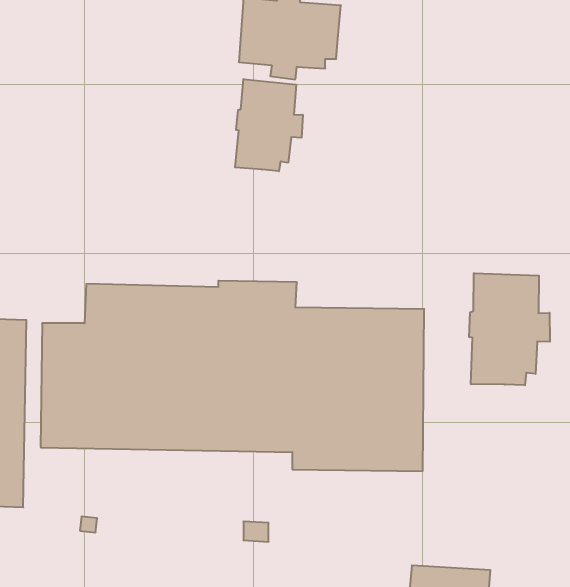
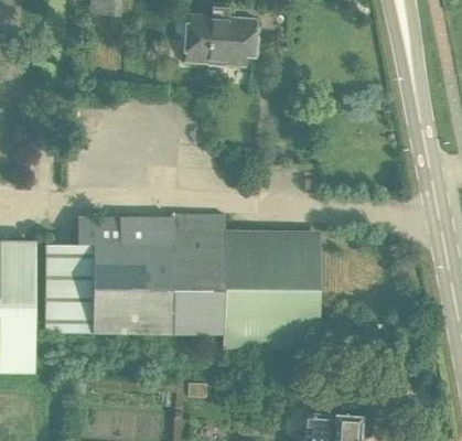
building: [235,79,303,171] -> none
building: [469,273,550,385] -> none

